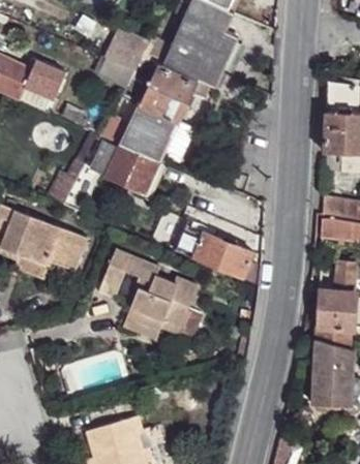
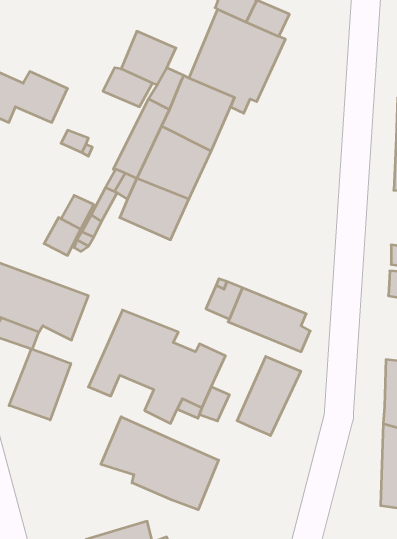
building: none -> [9,349,71,420]
building: none -> [237,356,301,436]
building: none -> [101,417,219,510]

